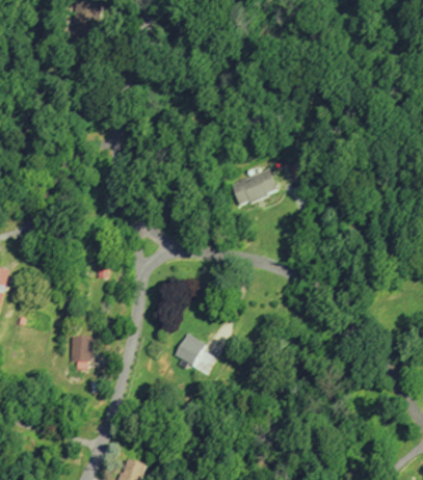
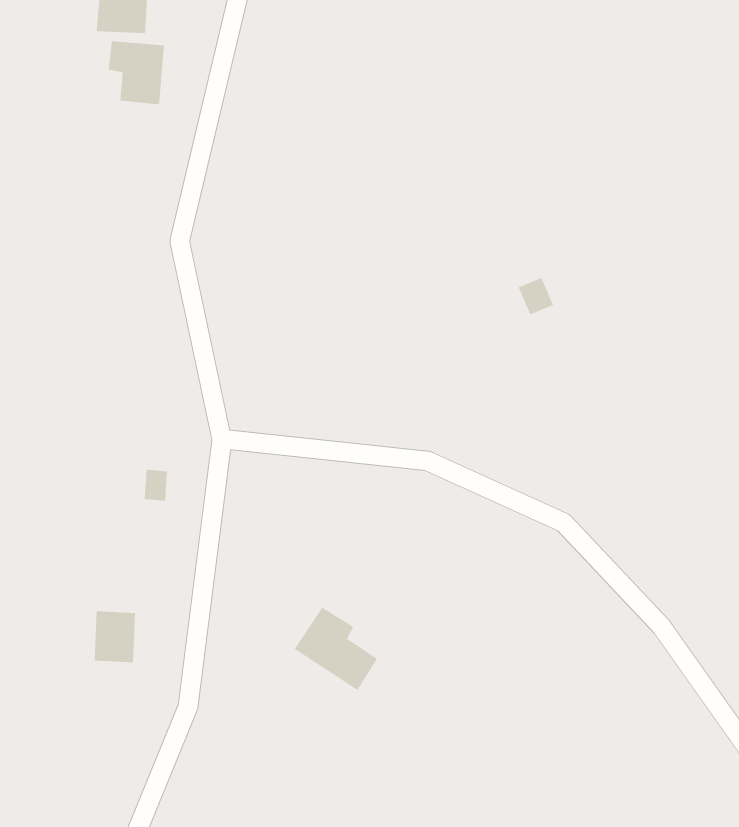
building: none -> [108,41,165,105]
building: [232,168,279,204] -> none

